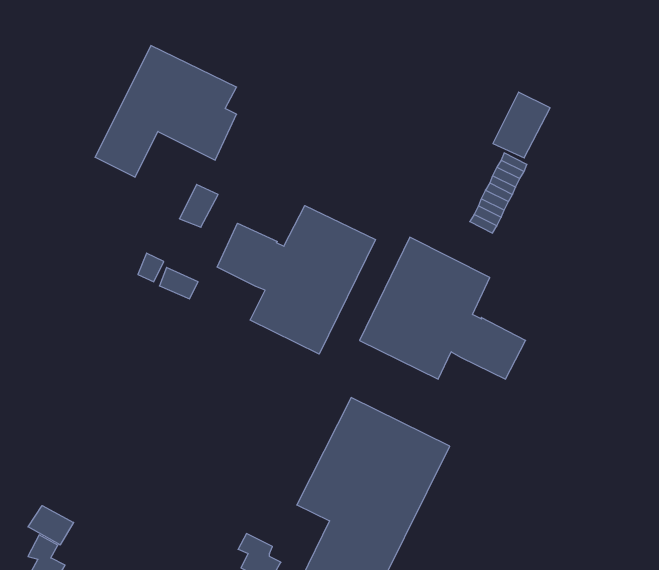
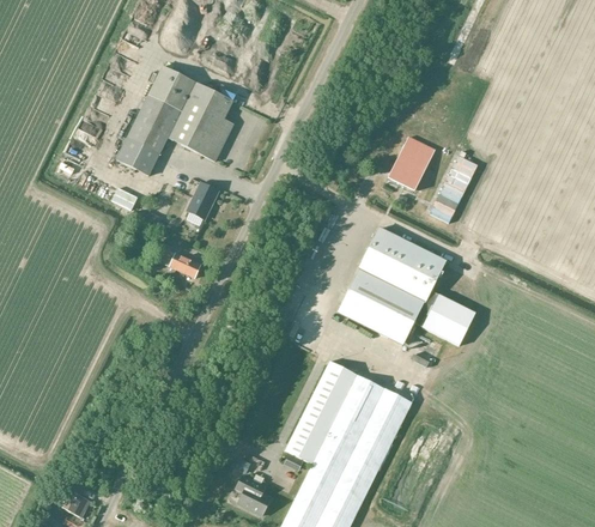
building: [493,92,550,158] -> [387,135,435,190]
building: [217,206,376,354] -> none
building: [28,506,74,545] -> none

